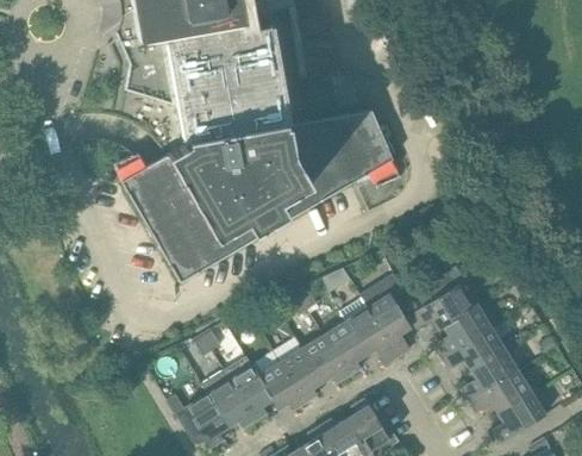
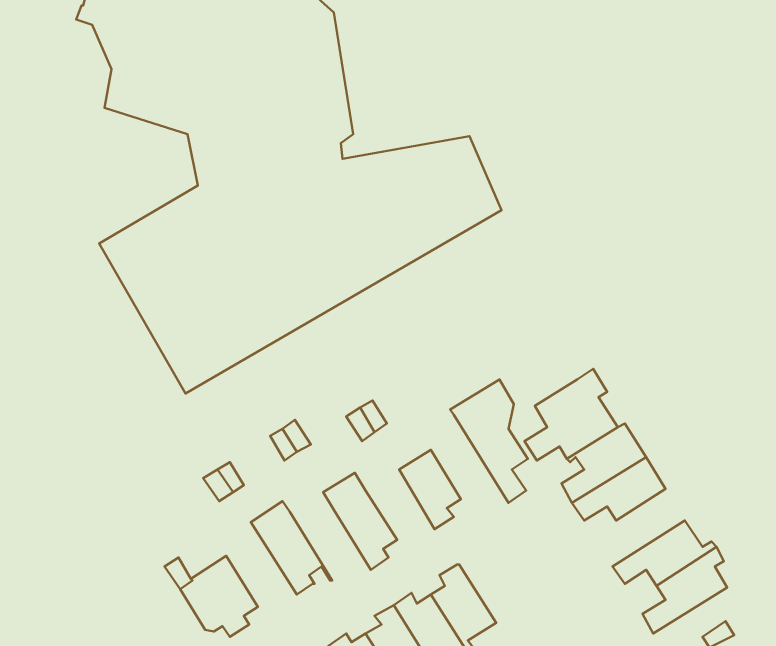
building: [339,298,399,364] -> none
building: [302,335,349,382] -> none
building: [461,344,518,400] -> none
building: [251,350,306,410] -> none
building: [202,370,256,427] -> none

